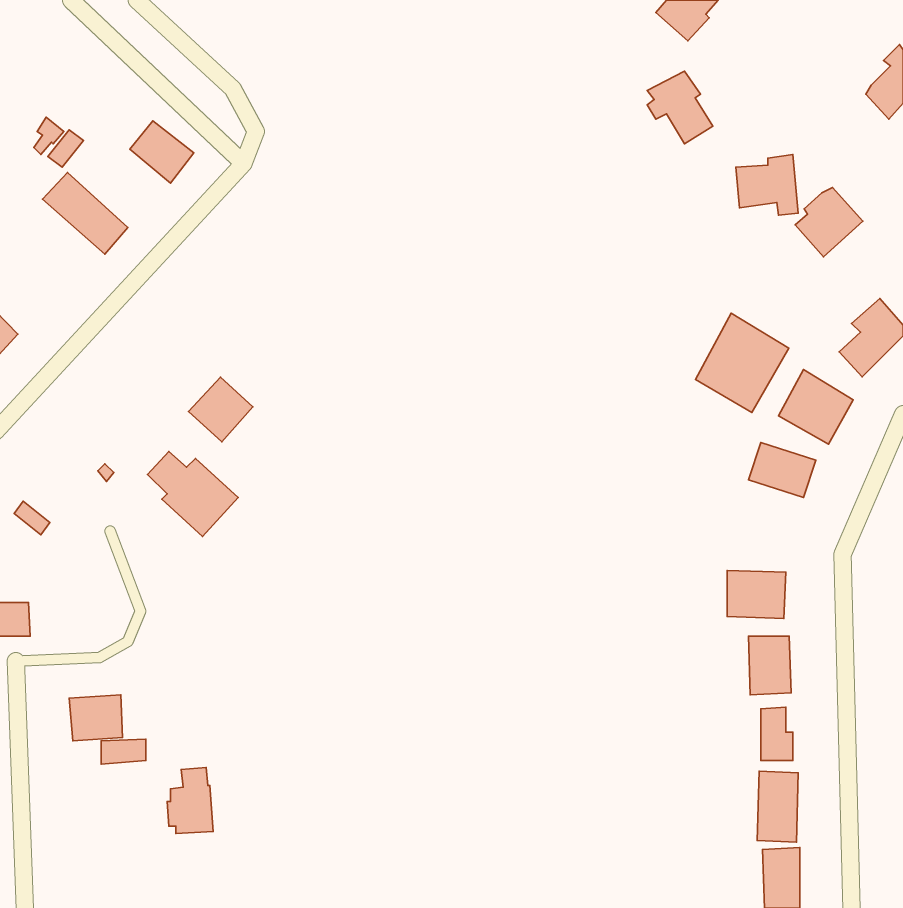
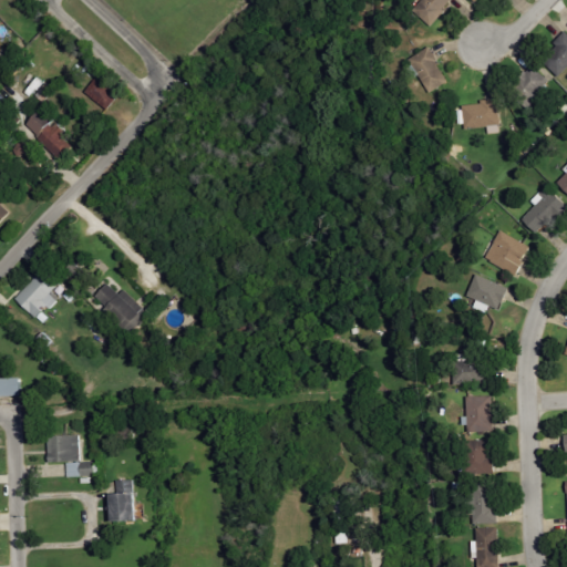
building: [795,187,863,257] -> [506,65,548,109]
building: [696,313,789,412] -> none
building: [189,377,253,442] -> none
building: none -> [11,264,60,322]

